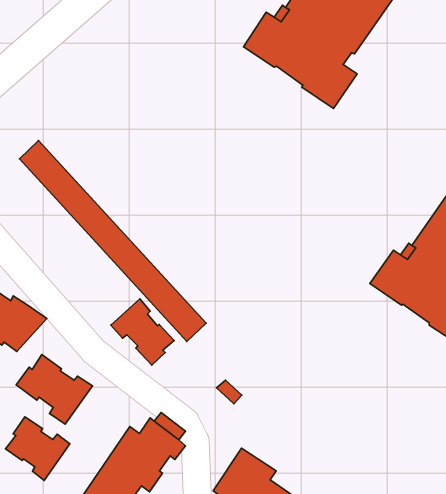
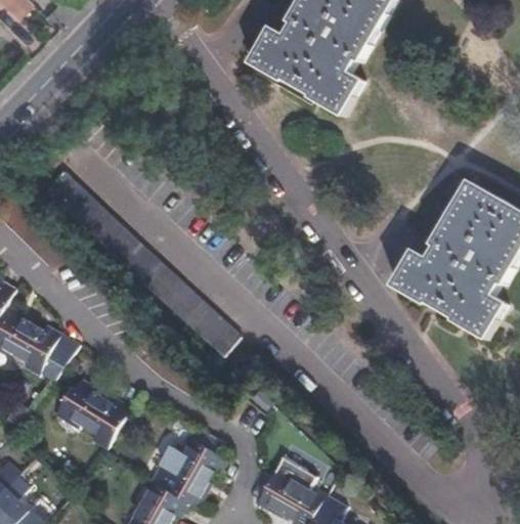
building: [111,299,174,365] -> none
building: [6,417,70,480] -> none

